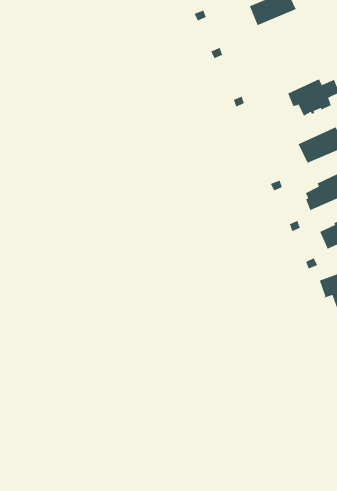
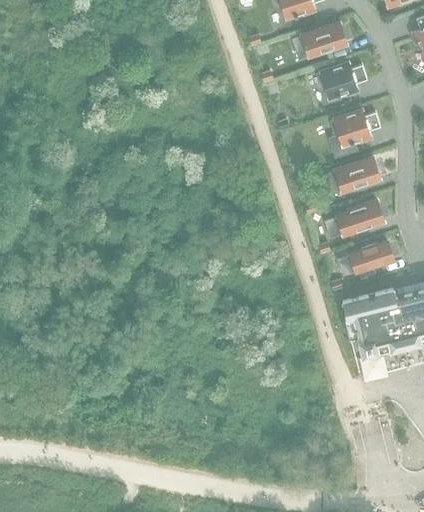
building: none -> [316,64,367,99]

